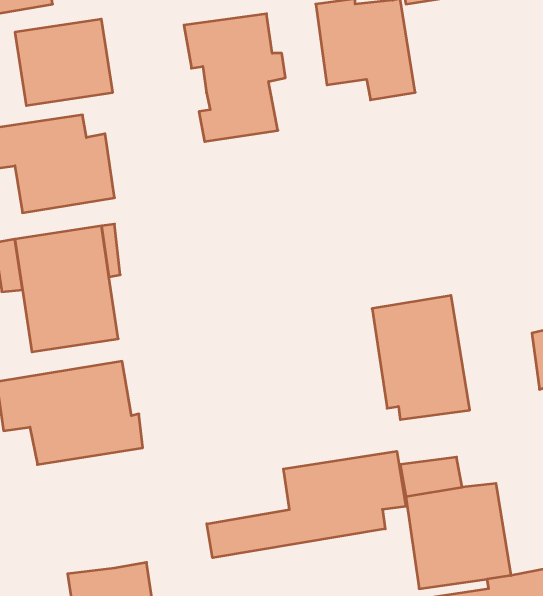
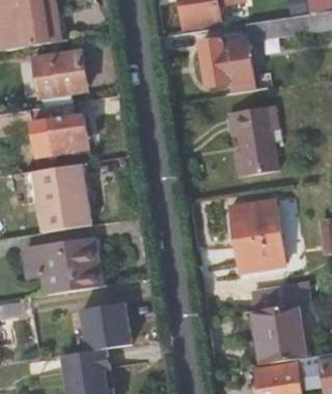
building: [184,14,285,142] -> [224,107,280,177]
building: [207,451,406,558] -> none
building: none -> [82,302,131,352]

